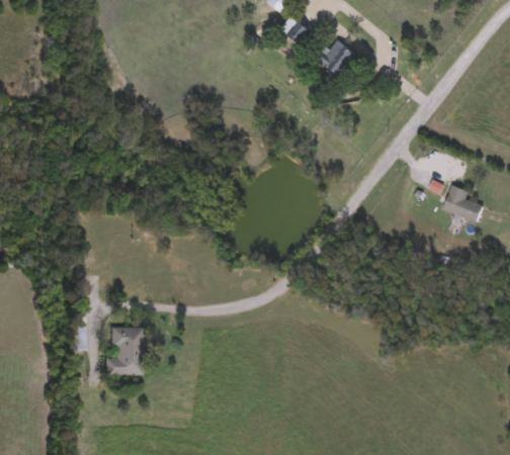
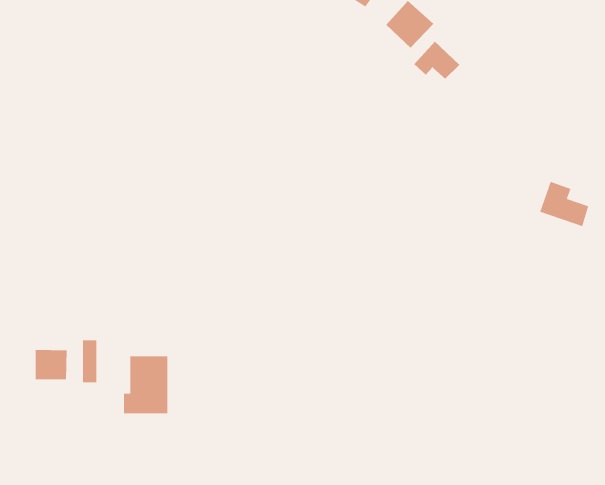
building: none -> [413,41,460,80]
building: none -> [35,349,68,380]

